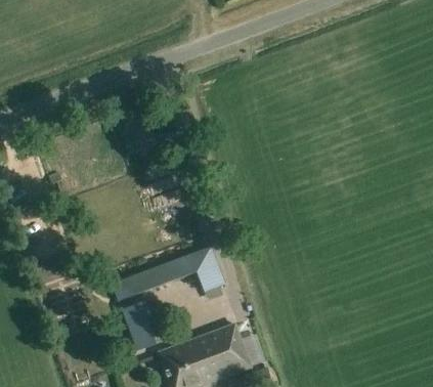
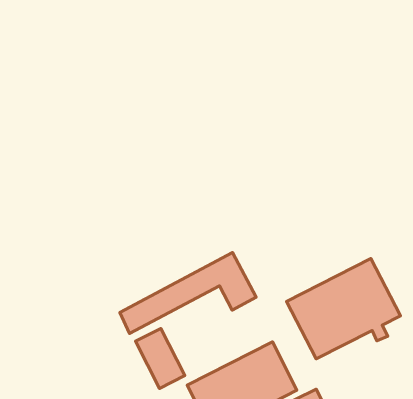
building: none -> [286,258,401,359]

